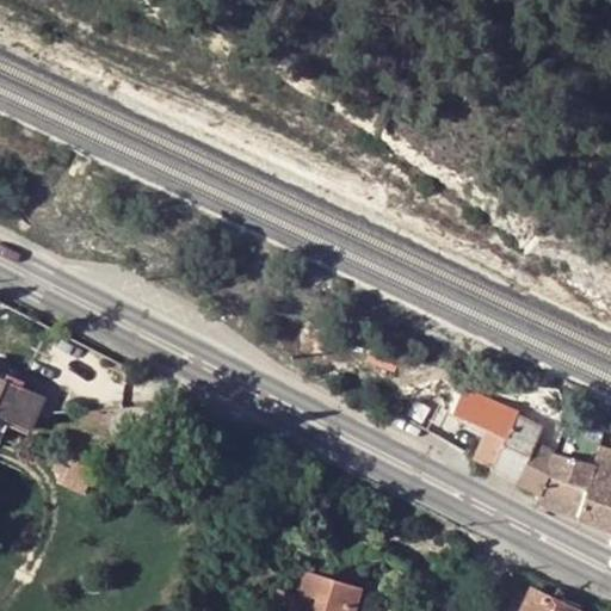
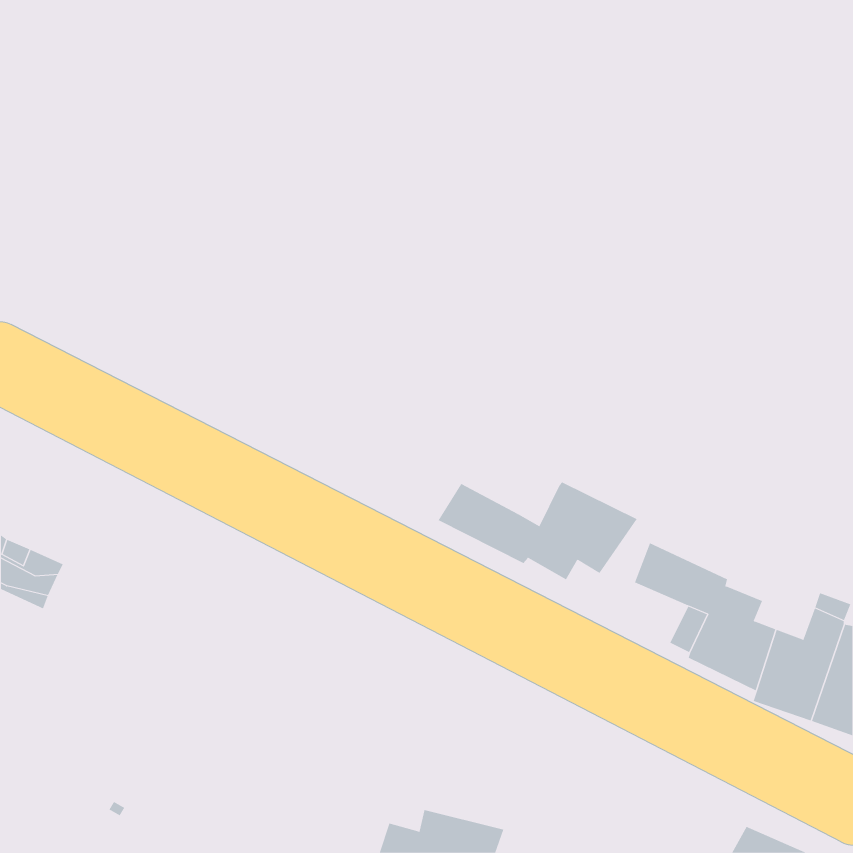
building: none -> [438,482,638,580]

